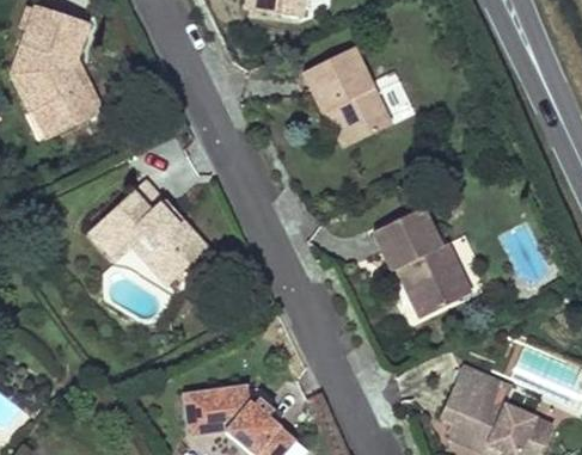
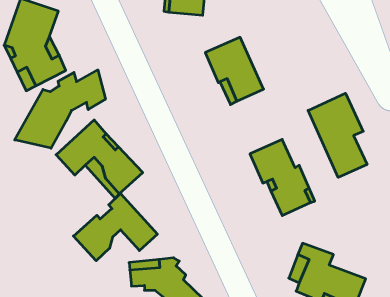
building: none -> [15,70,105,148]
building: none -> [308,93,367,177]
building: none -> [73,194,157,261]

